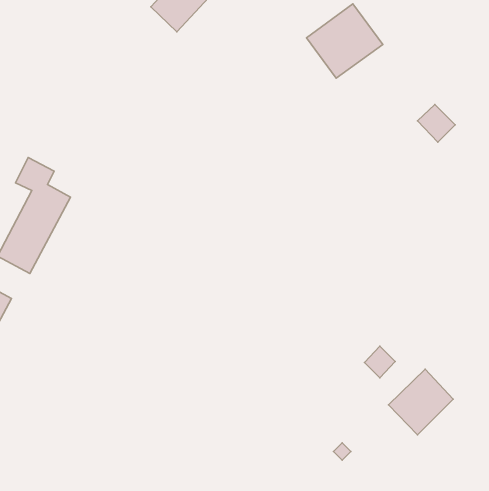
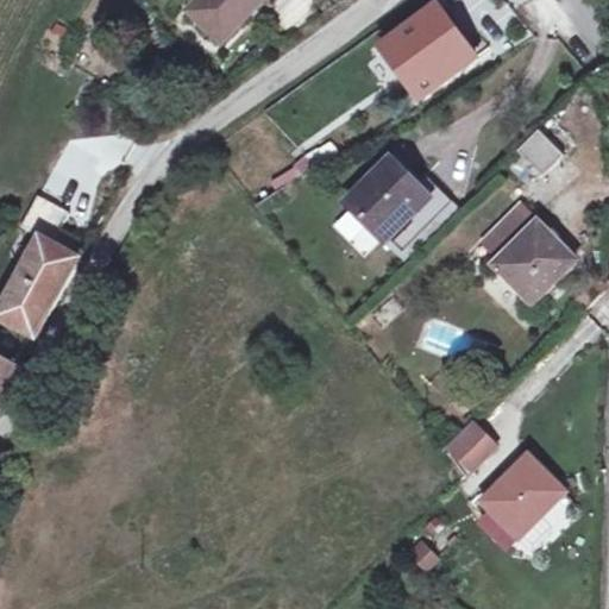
building: none -> [343,158,451,260]
building: none -> [482,205,570,301]

